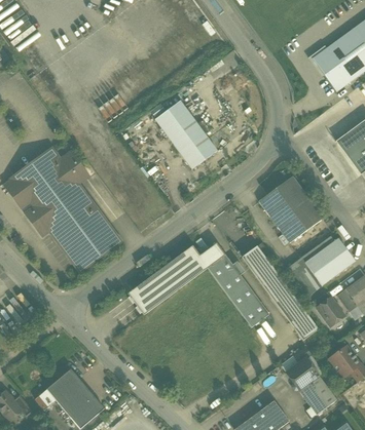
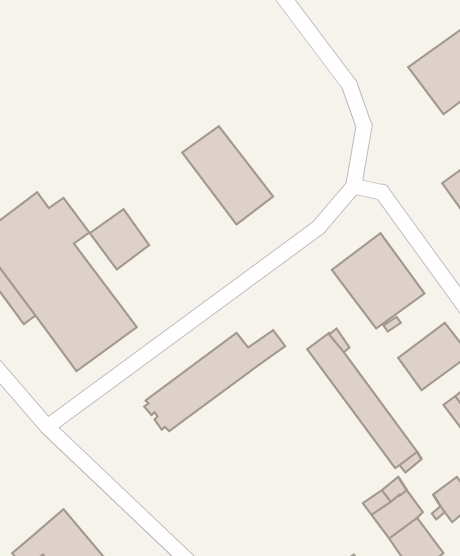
building: none -> [90,209,149,269]
building: [207,255,270,328] -> none
building: [317,298,343,326] -> none

